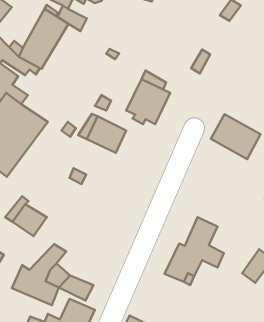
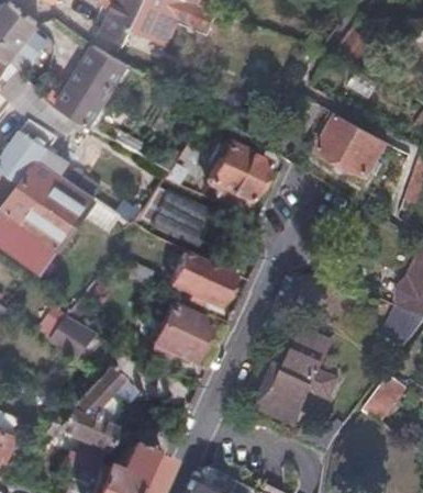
building: [211,114,261,159] -> [316,116,385,178]
building: none -> [169,253,231,307]
building: none -> [145,305,208,362]

